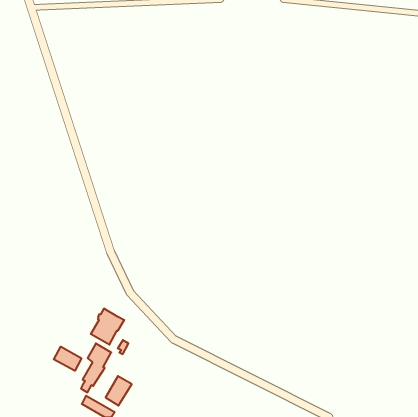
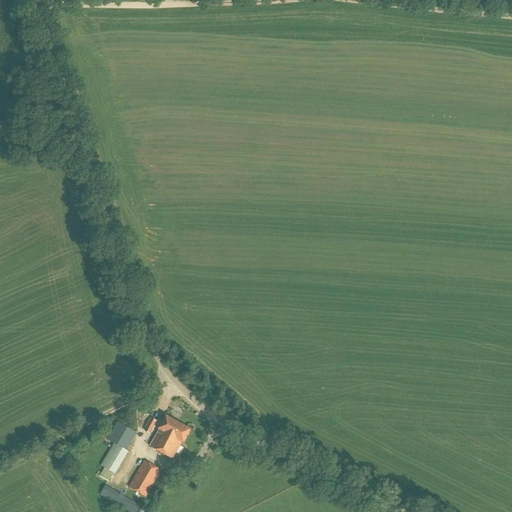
building: [91,309,124,345] -> [149,414,190,458]
building: [54,347,81,371] -> none

